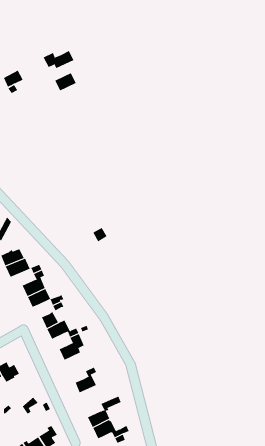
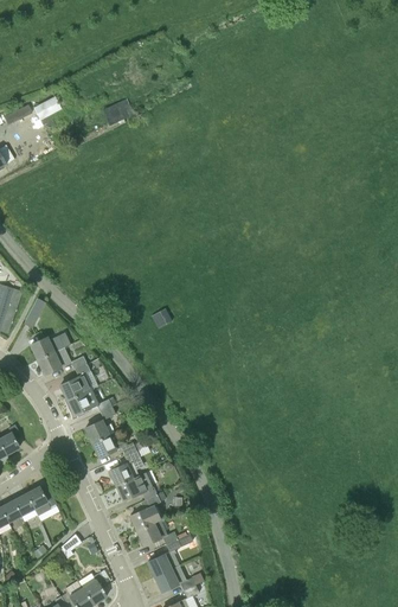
building: [43,50,74,69] -> none
building: none -> [116,472,156,500]
building: none -> [136,518,178,545]

